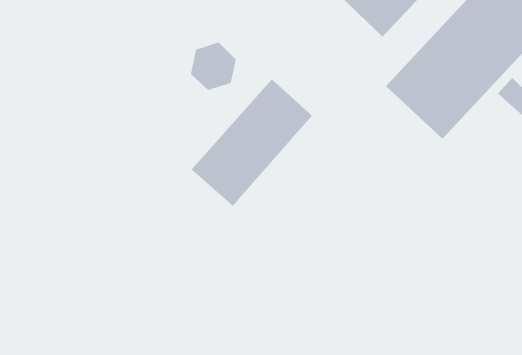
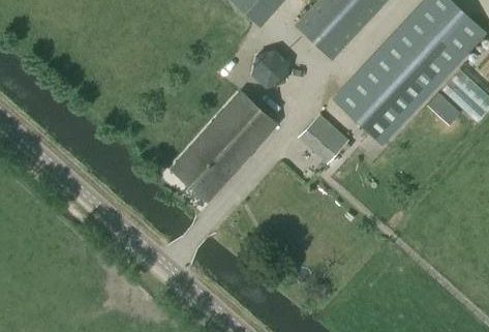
building: [190,42,236,91] -> [251,49,289,89]
building: none -> [300,115,347,162]

